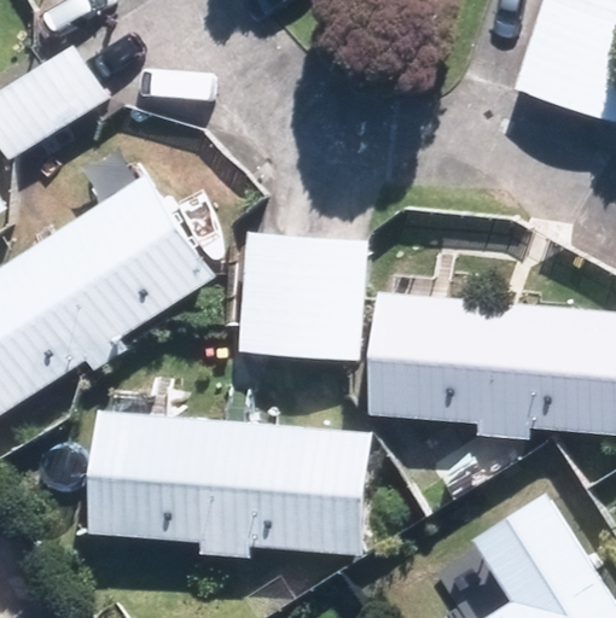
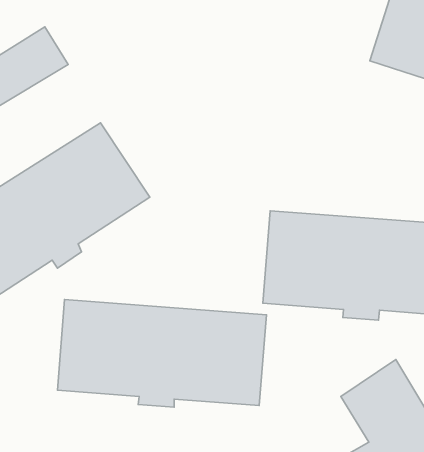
building: [238,232,365,361] -> none

